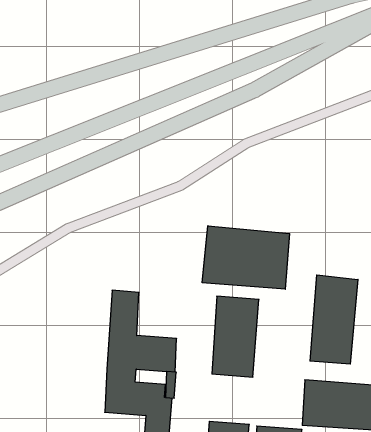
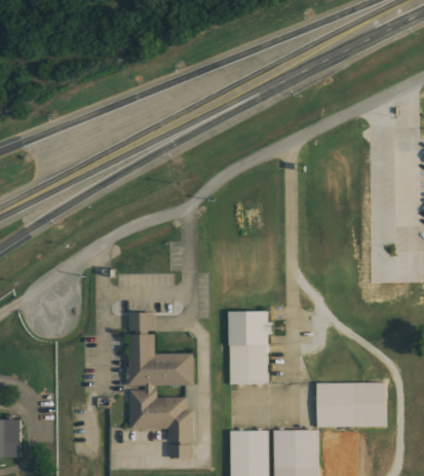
building: [202,226,290,289] -> none
building: [310,275,358,364] -> none

